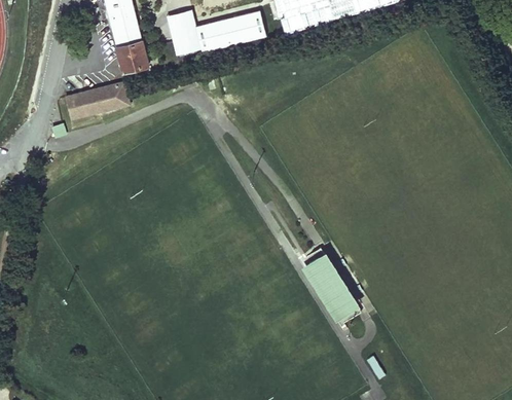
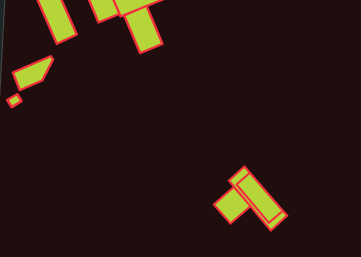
building: none -> [124,6,163,53]
building: [100,82,130,112] -> none
building: none -> [214,187,250,223]

